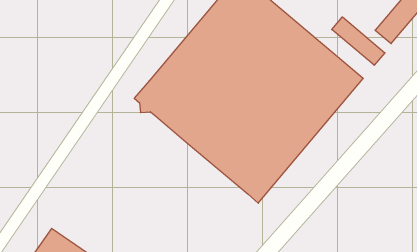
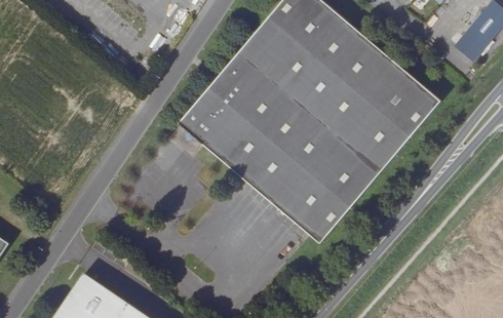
building: [332,17,385,65] -> none

